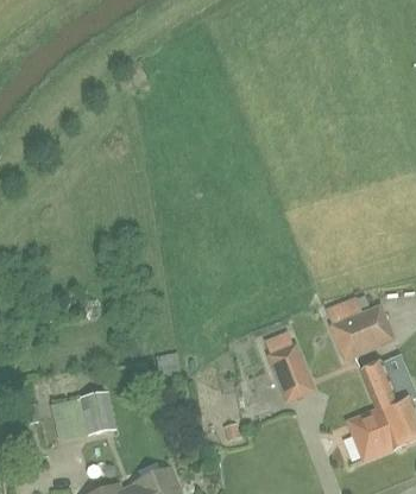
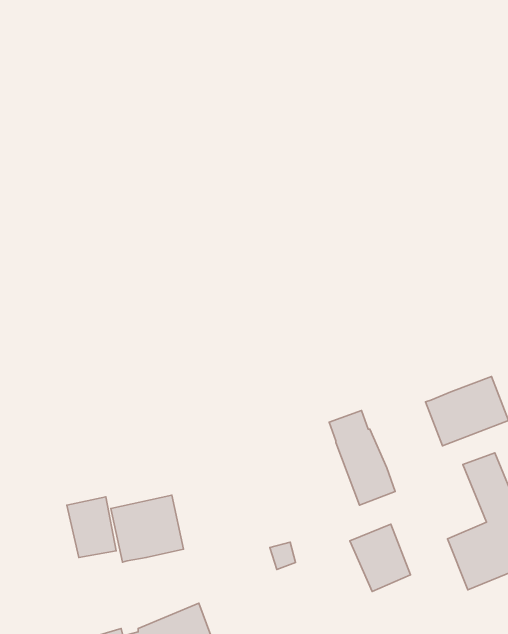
building: none -> [111,495,184,562]
building: none -> [350,524,411,592]

